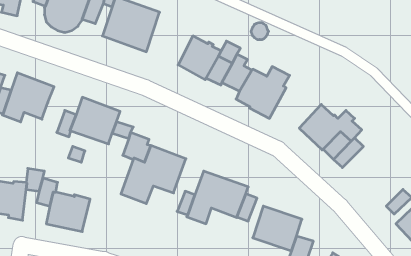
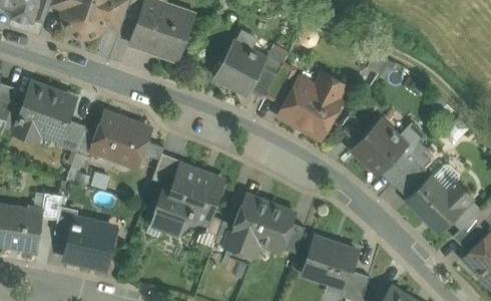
building: none -> [56,118,86,153]
building: none -> [408,165,473,230]

